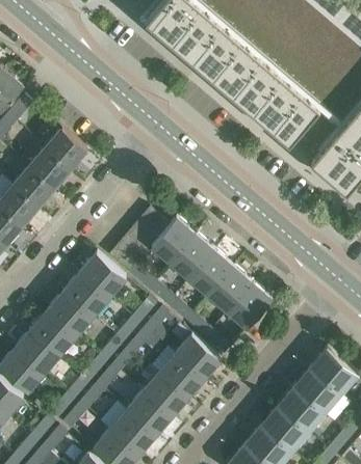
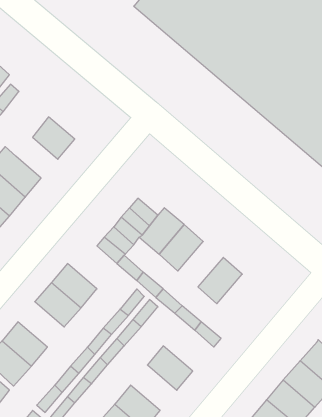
building: [27,151,69,191] -> none
building: [187,253,232,298] -> none
building: [78,255,124,300] -> none
building: [226,285,269,331] -> none
building: [29,312,75,357] -> none
building: [173,337,218,381] -> none
building: [140,375,186,419] -> none

